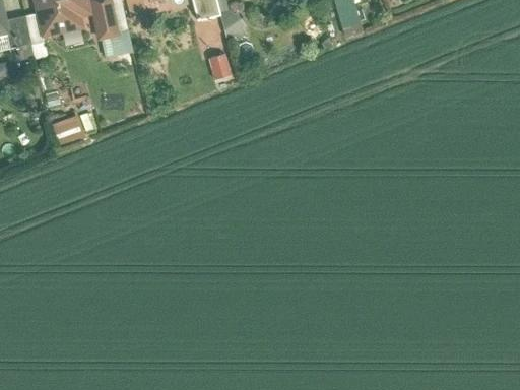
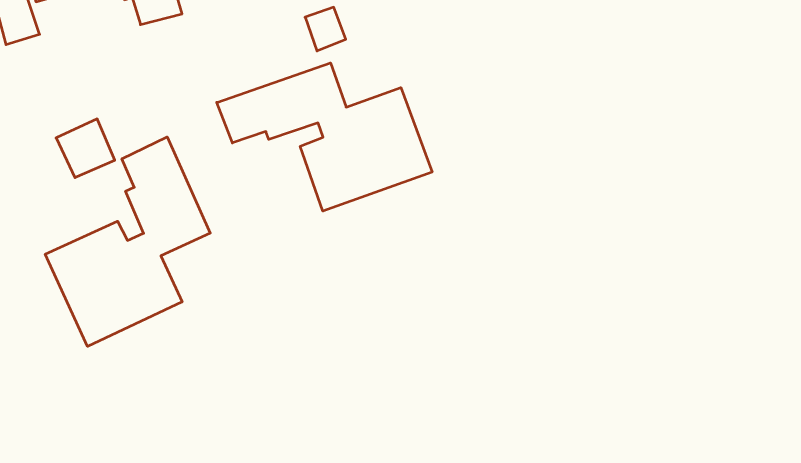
building: none -> [217,63,432,211]
building: none -> [45,137,210,346]

